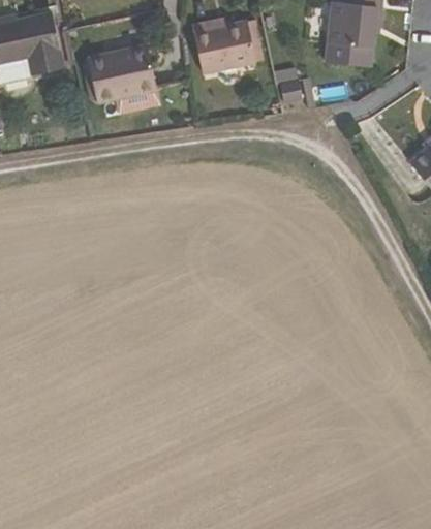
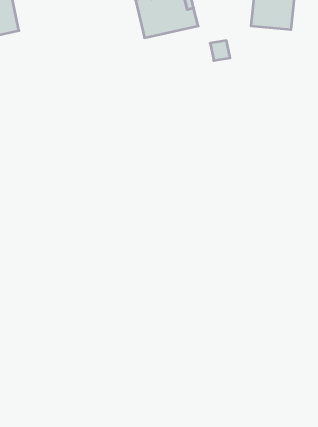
building: [89,45,156,100] -> none

